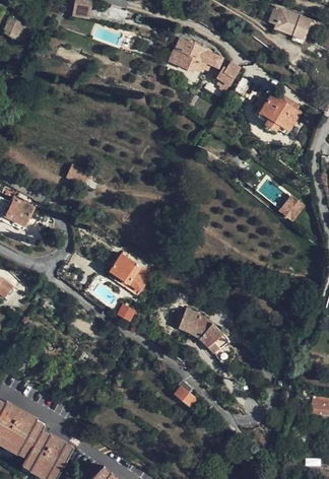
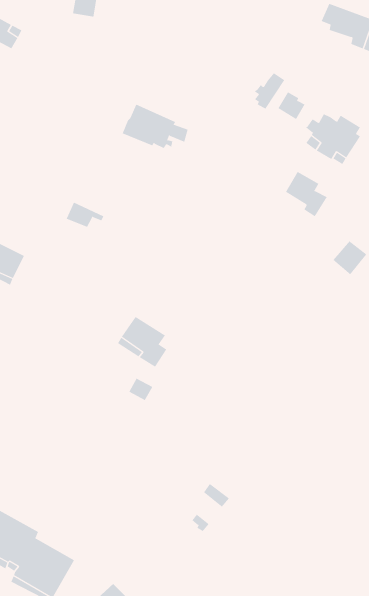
building: [169,38,221,73] -> [122,104,189,149]
building: none -> [285,171,328,217]
building: [179,310,228,353] -> none

